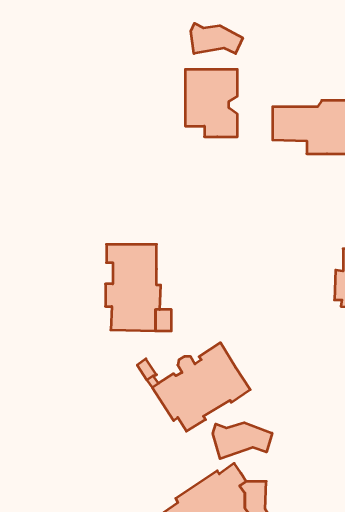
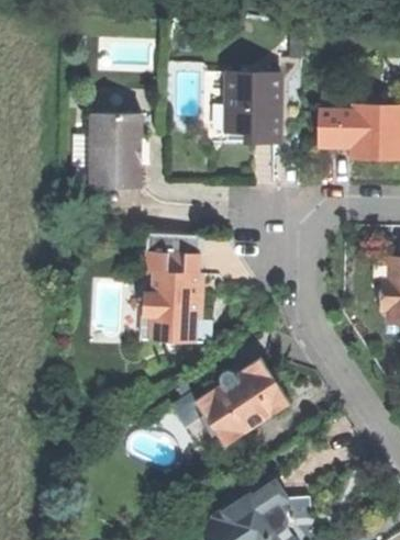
building: [191,23,243,54] -> none
building: none -> [90,114,140,189]
building: [213,423,272,459] -> none

